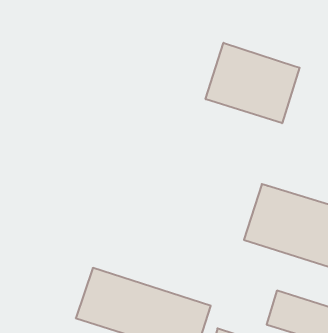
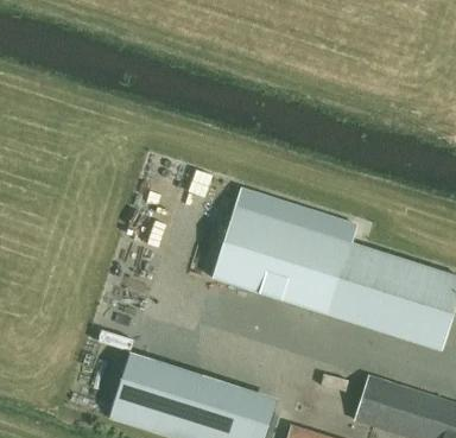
building: [206,43,300,123] -> none
building: none -> [213,188,360,313]

